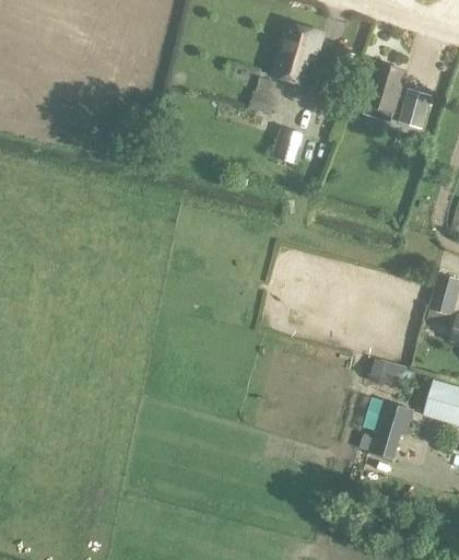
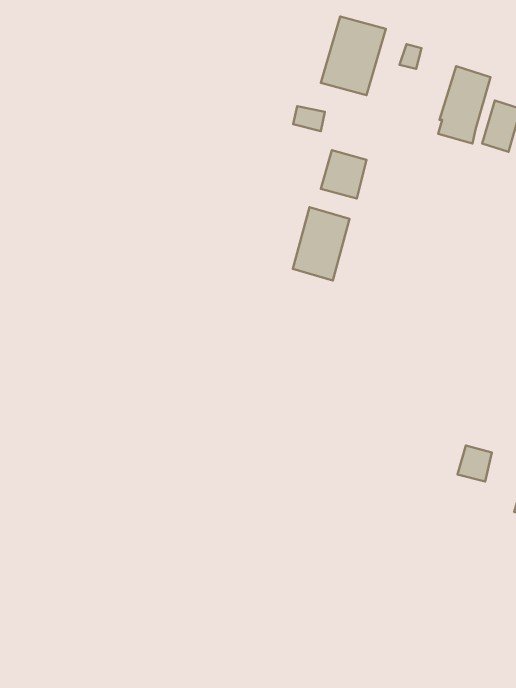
building: none -> [293,207,349,281]
building: [368,400,414,458] -> none

